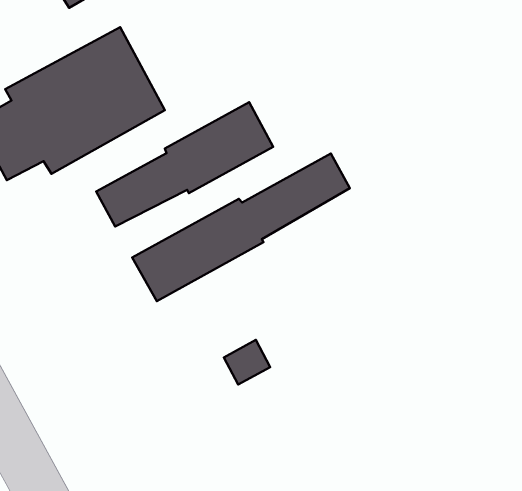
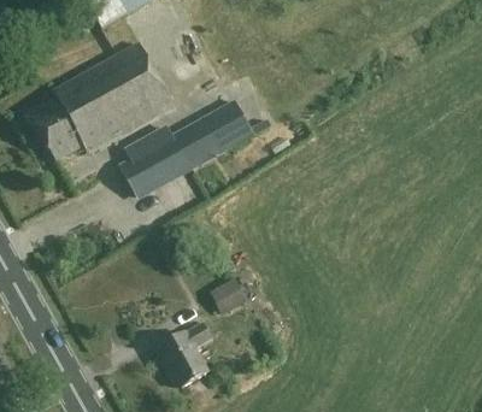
building: [132,154,350,301] -> none
building: none -> [158,322,211,385]

